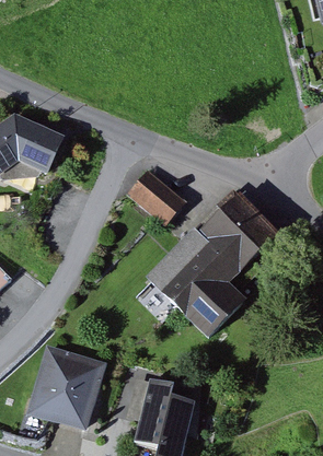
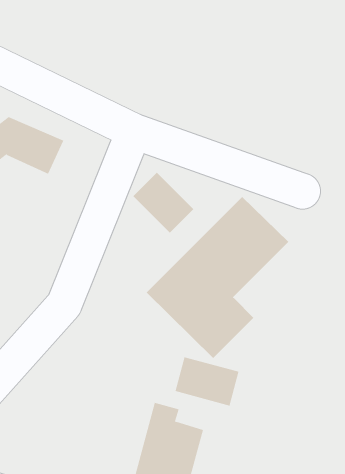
building: none -> [175,357,239,406]
building: [27,348,104,430] -> none

